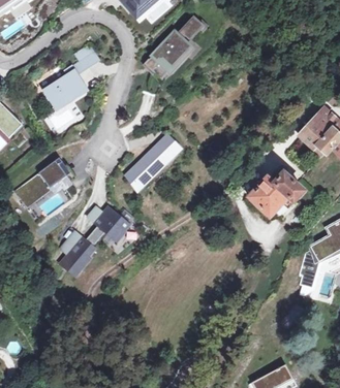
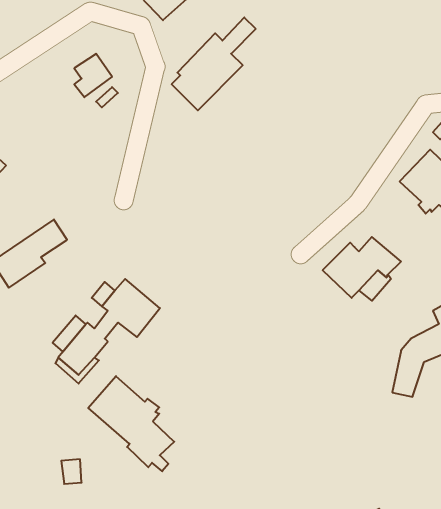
building: [40,68,88,112] -> none
building: [122,131,184,193] -> none
building: none -> [88,376,174,471]

